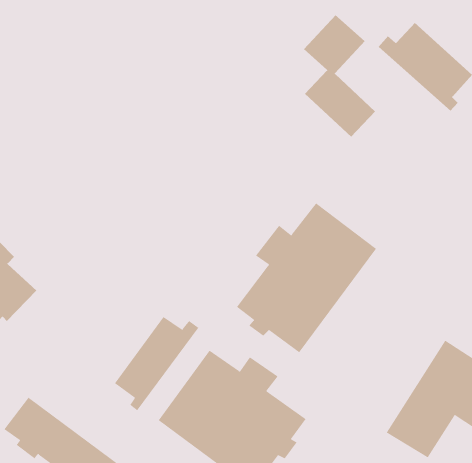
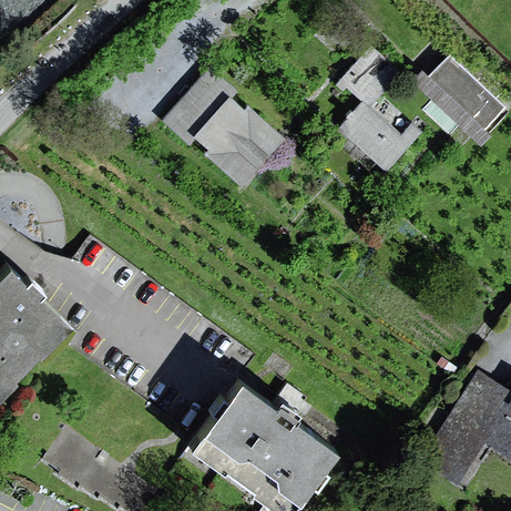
building: none -> [161,70,287,192]
building: [236,202,377,353] -> none
building: [114,316,199,411] -> none

